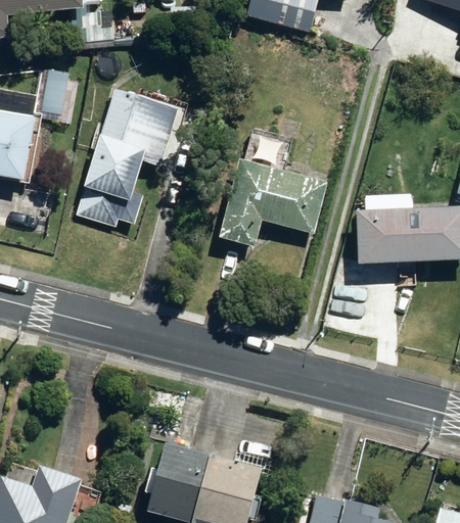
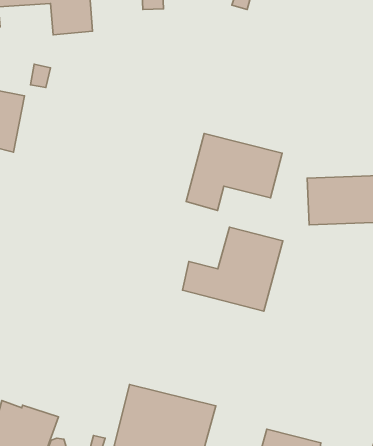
building: [78,88,179,225] -> none
building: none -> [182,227,283,311]

